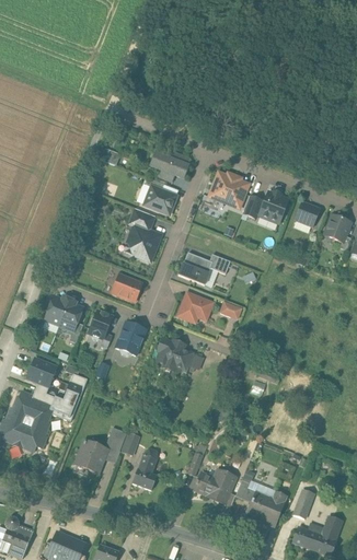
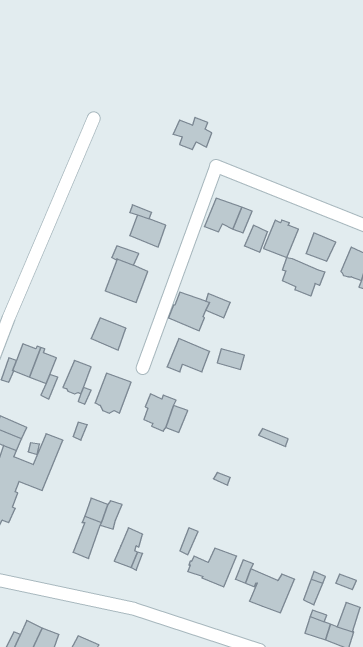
building: [156,152,188,179] -> [173,117,212,150]
building: none -> [282,257,325,296]
building: [74,439,107,472] -> none

